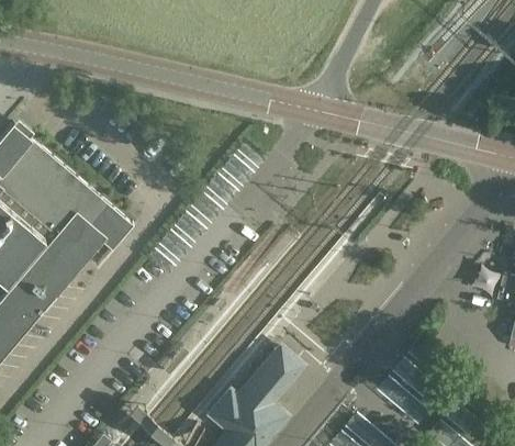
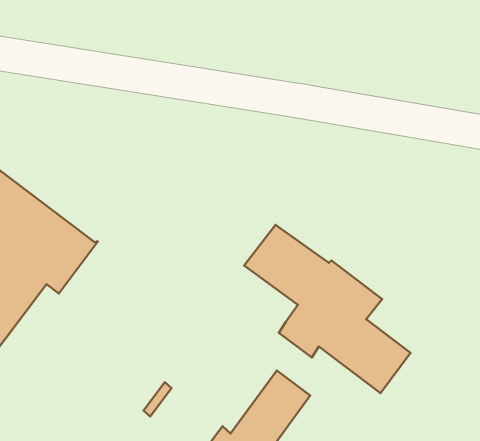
building: none -> [244,225,411,393]

